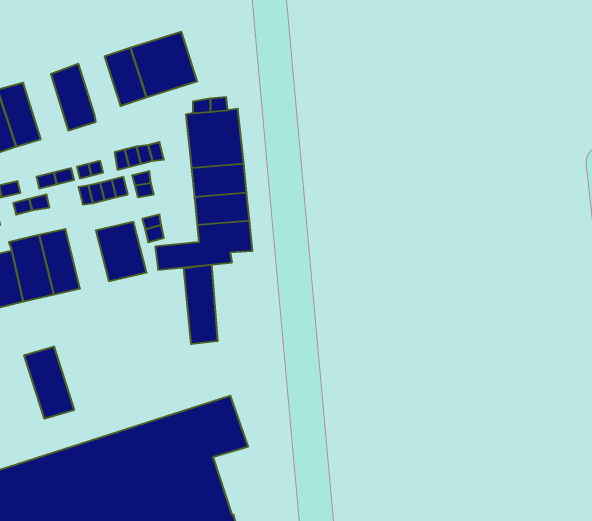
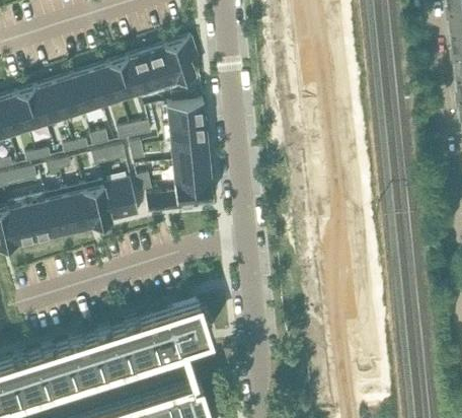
building: none -> [163,38,198,81]
building: none -> [91,64,121,104]
building: none -> [53,76,84,122]
building: none -> [82,181,112,226]
building: [184,265,217,344] -> none
building: [24,346,74,419] -> none

